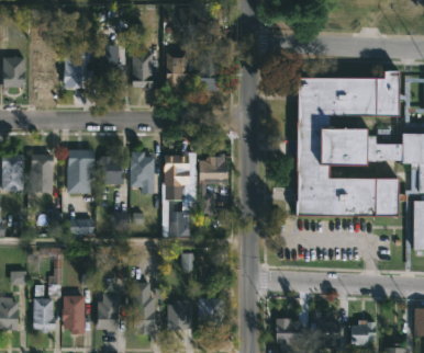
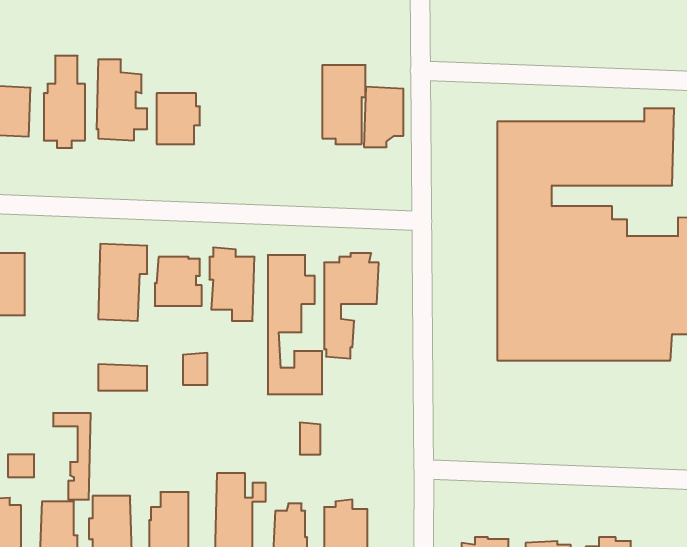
building: [165,50,188,86] -> [364,87,403,147]
building: [131,52,154,87] -> none
building: [27,153,51,191] -> none

